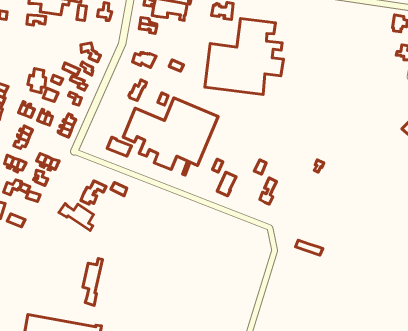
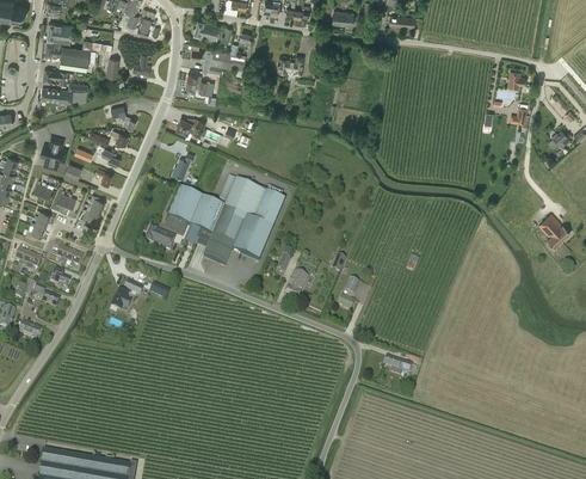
building: [205,18,283,95] -> none
building: none -> [41,82,88,103]
building: [59,204,94,231] -> none
building: [83,258,103,306] -> none

